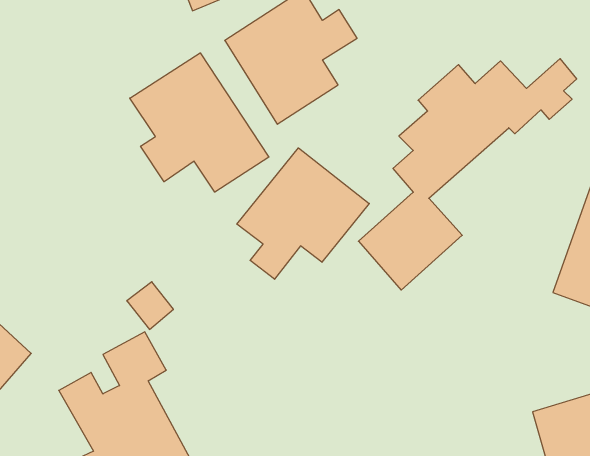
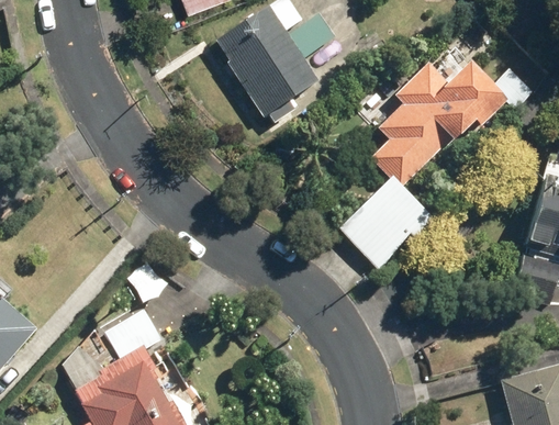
building: [130,53,269,192] -> none
building: [237,148,369,279] -> none

